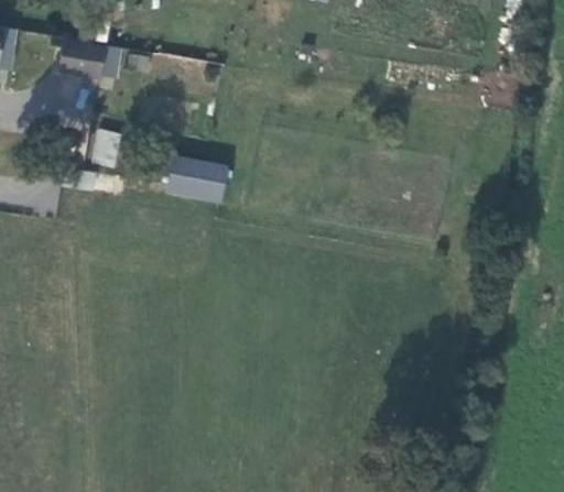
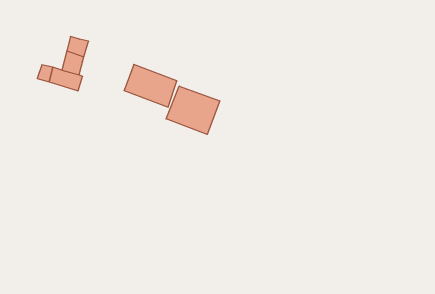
building: none -> [166,86,220,134]

